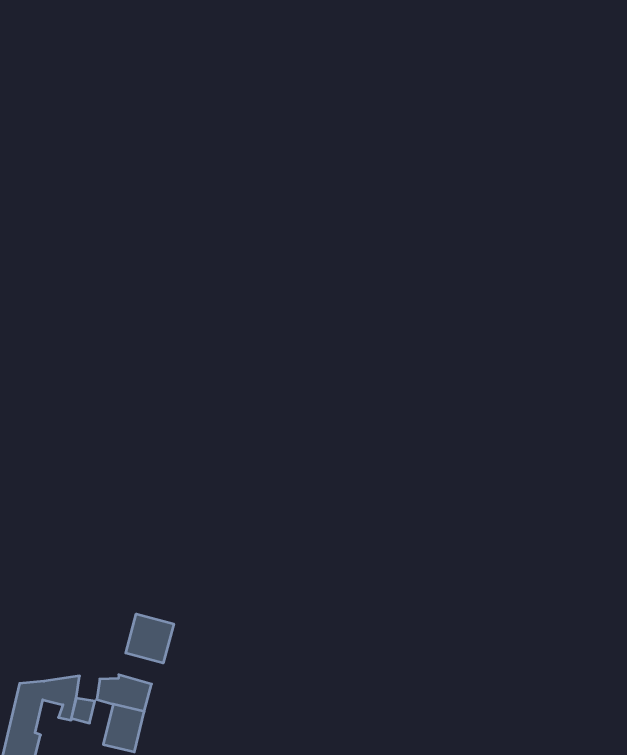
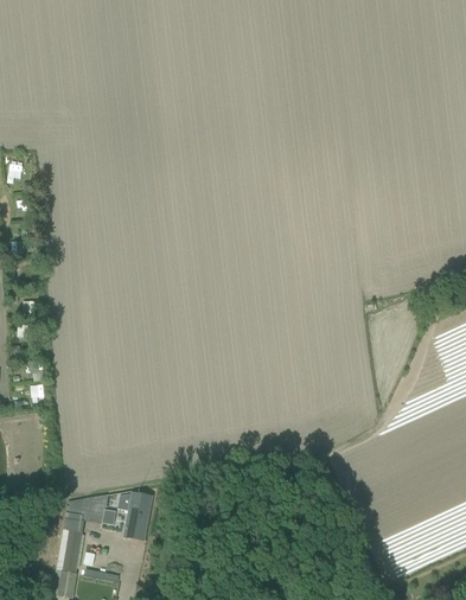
building: [126,614,174,663] -> none

